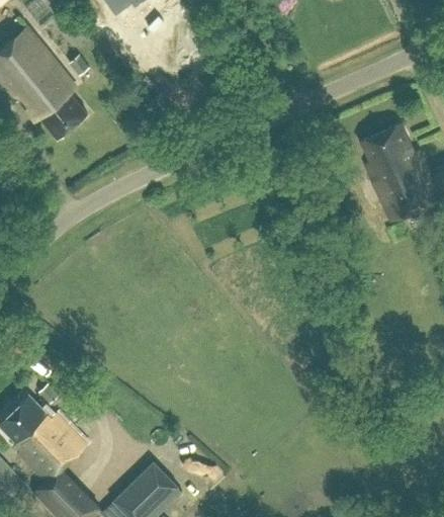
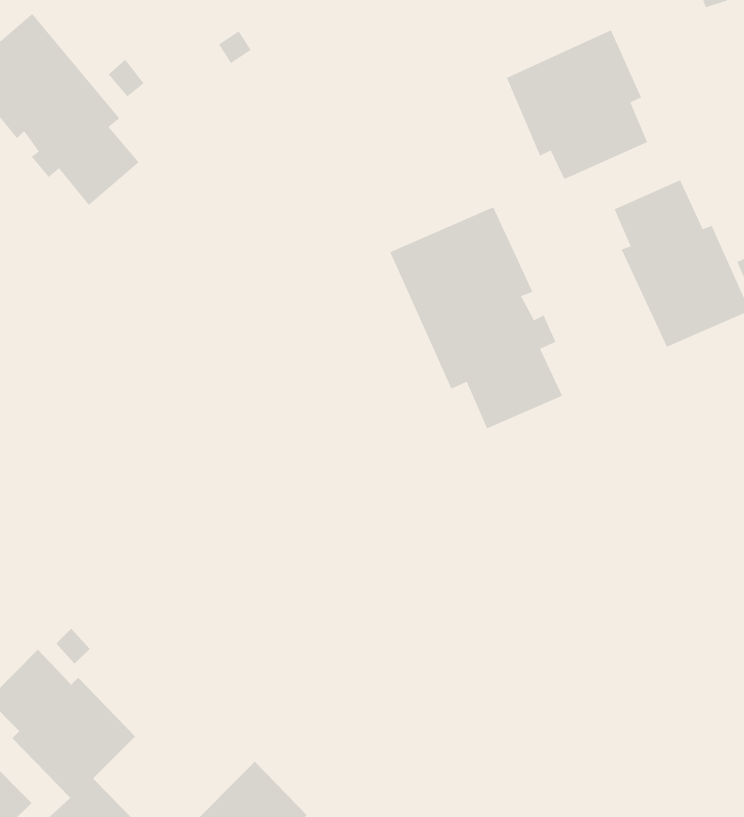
building: none -> [506,30,648,180]
building: none -> [389,206,563,429]

